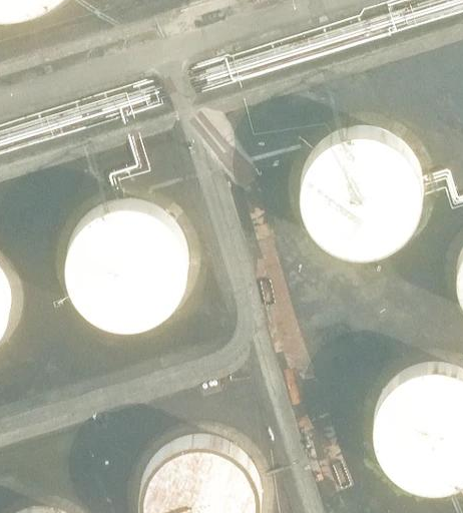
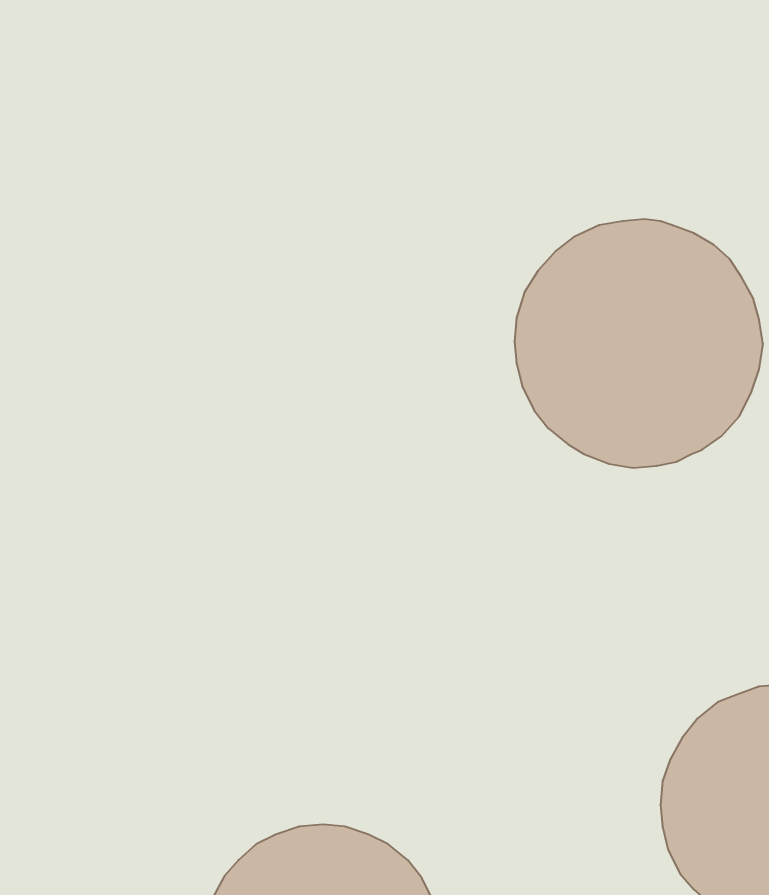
building: [67,209,189,332] -> none

